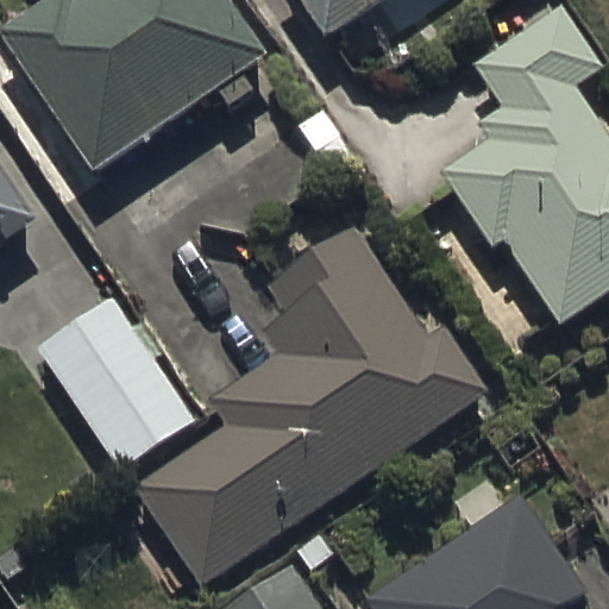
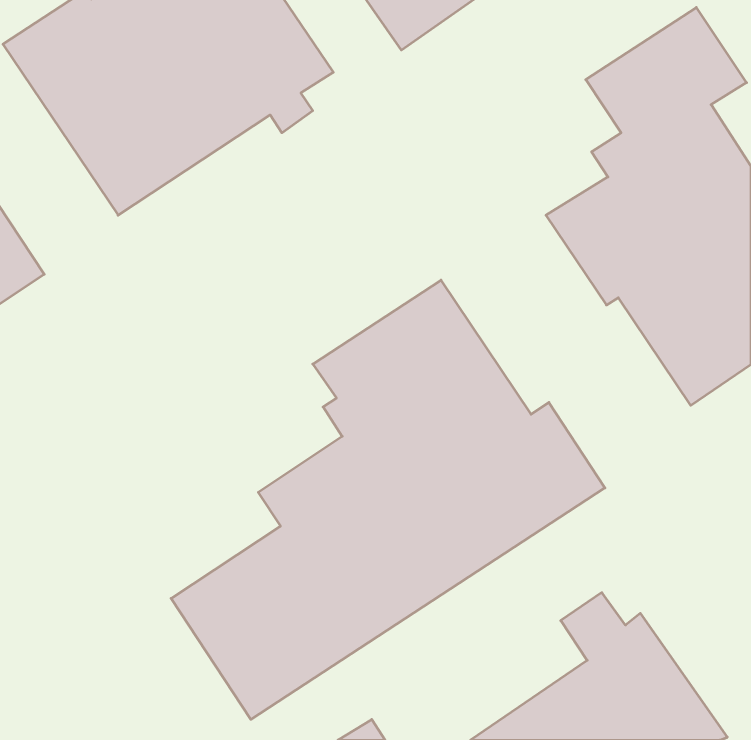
building: [38,297,194,469] -> none

